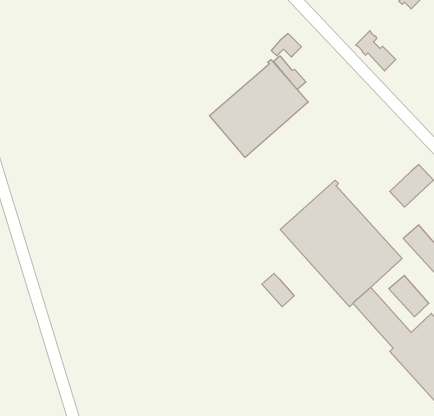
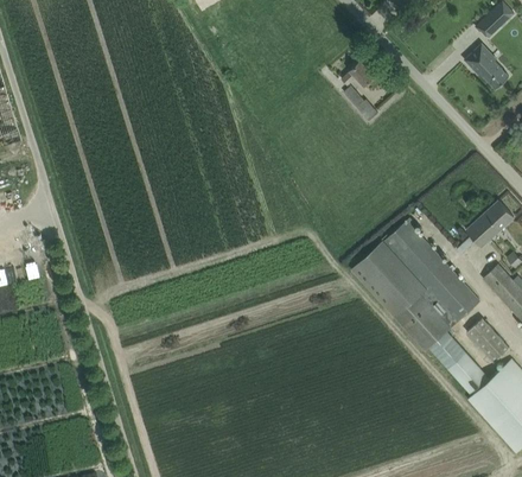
building: [356,31,396,71] -> [465,45,508,88]
building: [209,60,308,157] -> none
building: [262,273,294,307] -> none

